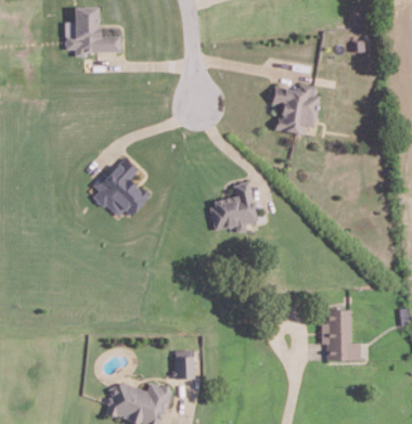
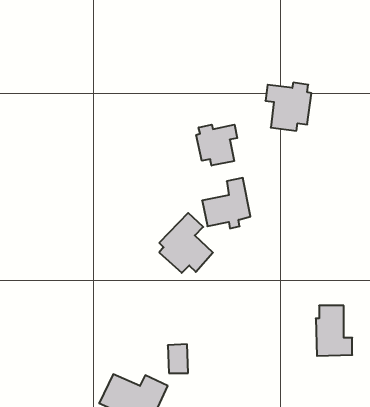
building: [64,7,119,53] -> none
building: none -> [196,125,237,166]
building: [93,156,147,217] -> [159,213,213,273]

